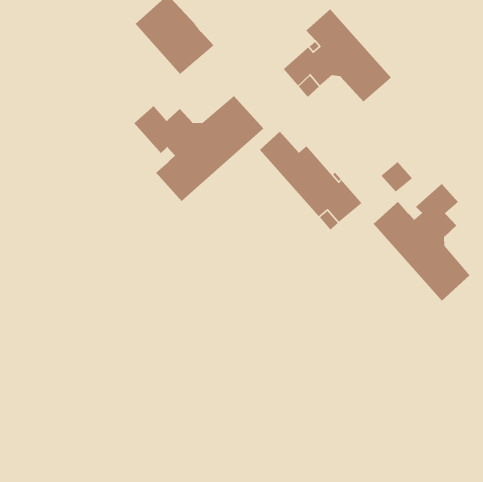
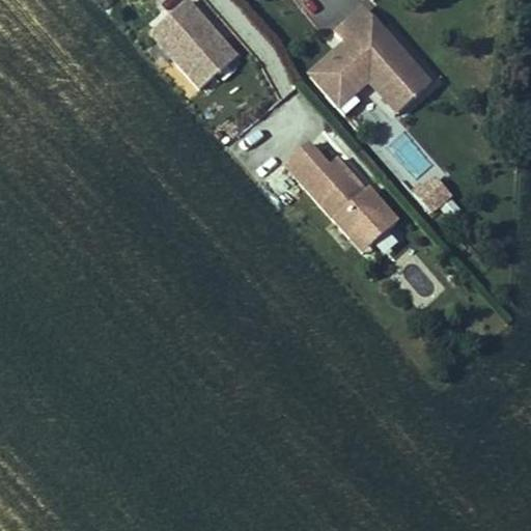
building: [134,95,264,202] -> none
building: [373,183,471,302] -> none

